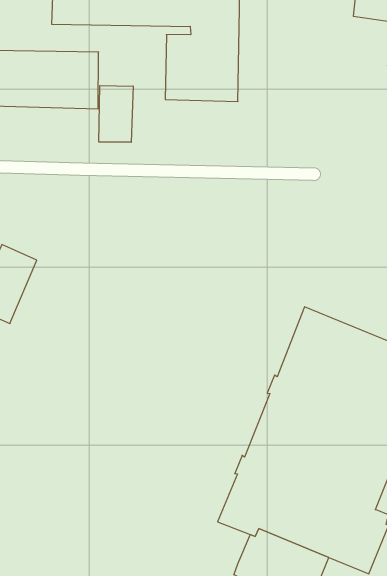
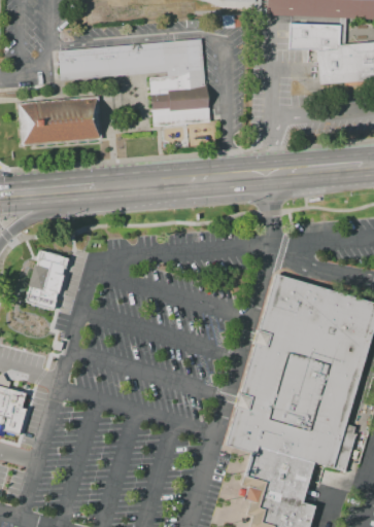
building: [99,86,133,142] -> none

